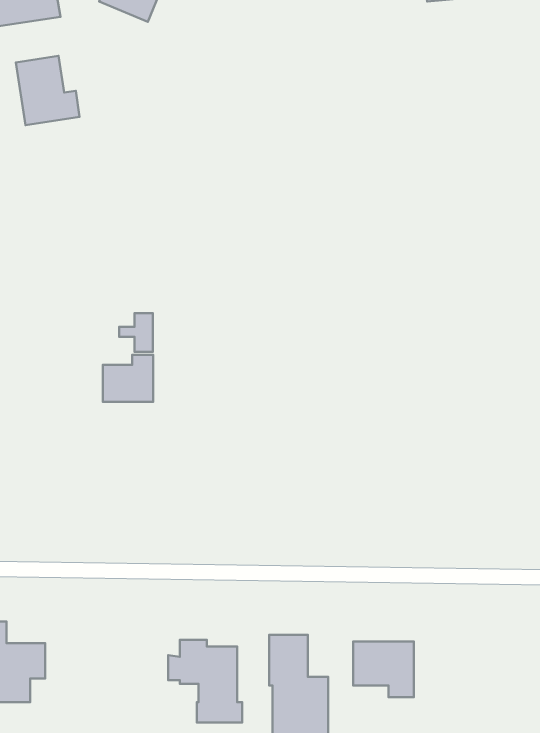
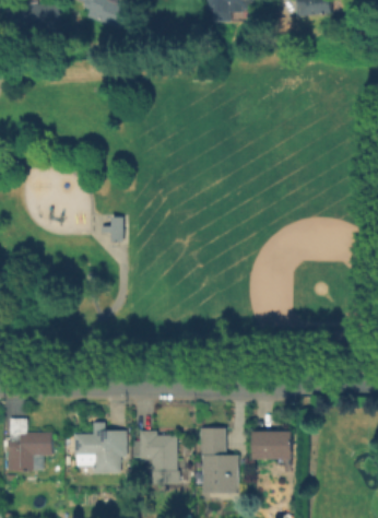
building: [16,56,80,125] -> none
building: [103,355,153,402] -> none
building: none -> [71,422,123,473]

